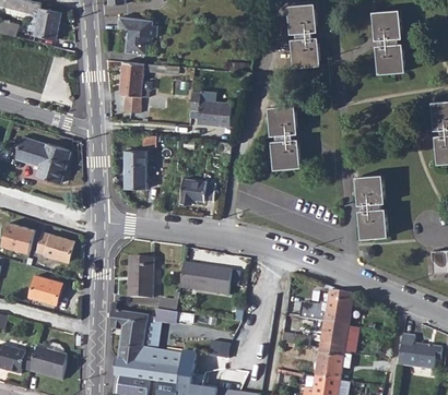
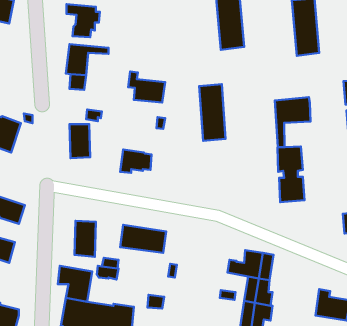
building: none -> [275,97,310,147]

